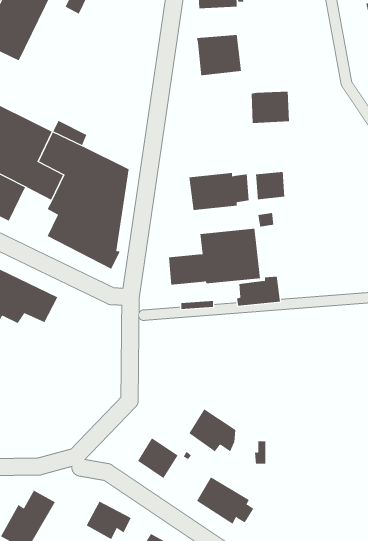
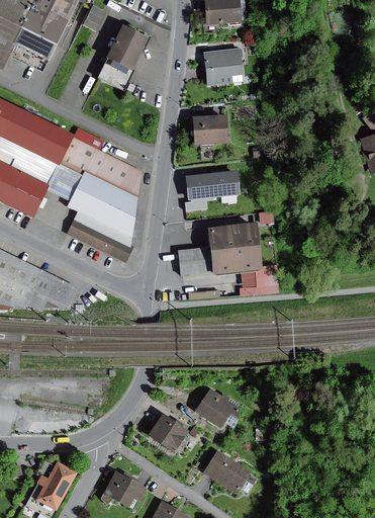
building: none -> [98,25,148,89]
building: [251,91,290,124] -> [192,115,227,145]
building: [256,171,285,200] -> none

